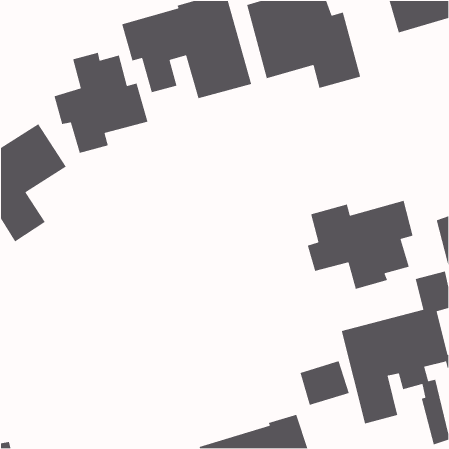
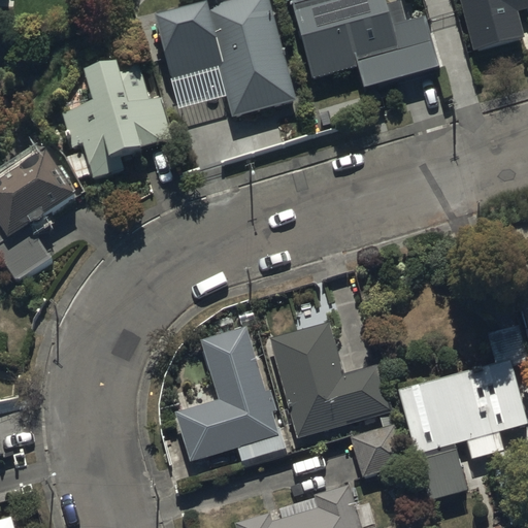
building: [307,200,414,290] -> none
building: none -> [270,322,393,437]
building: none -> [176,325,289,466]

